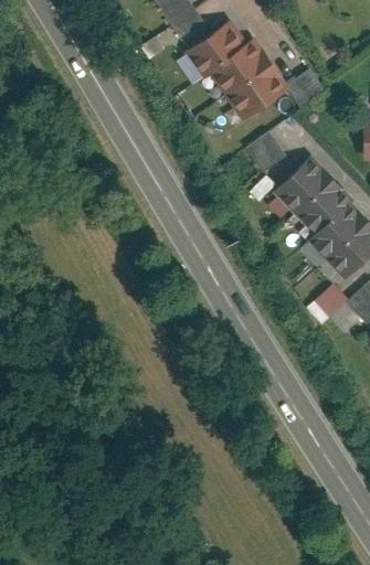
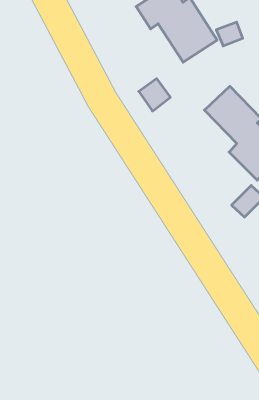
building: [247,131,288,173] -> [139,79,170,111]

